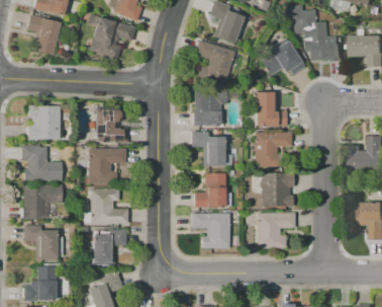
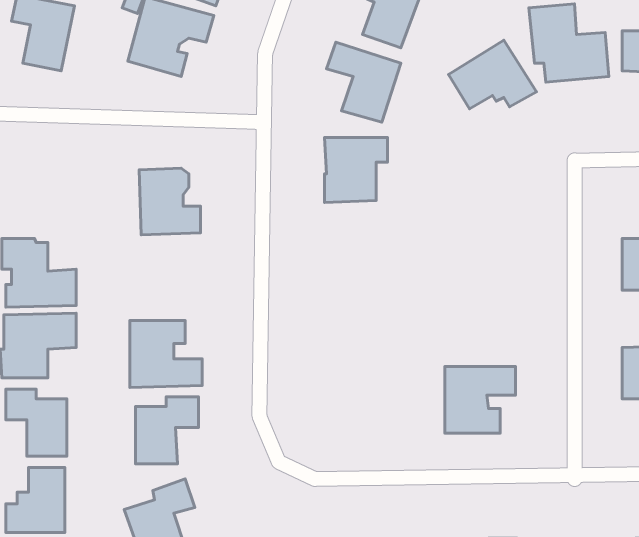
building: [255,91,285,127] -> none
building: [27,106,60,141] -> none
building: [190,132,224,166] -> none
building: [253,132,290,167] -> none
building: [87,148,125,184] -> none
building: [193,172,224,208] -> none
building: [260,172,292,206] -> none
building: [190,213,229,248] -> none

